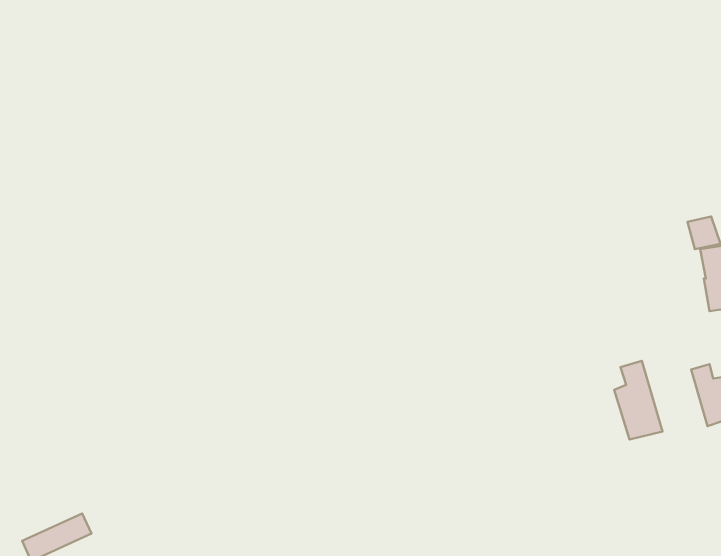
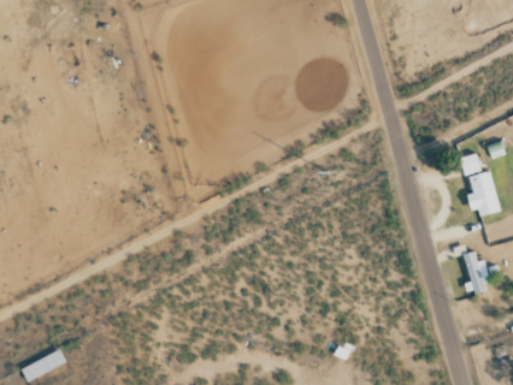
building: [614,361,662,440] -> none

